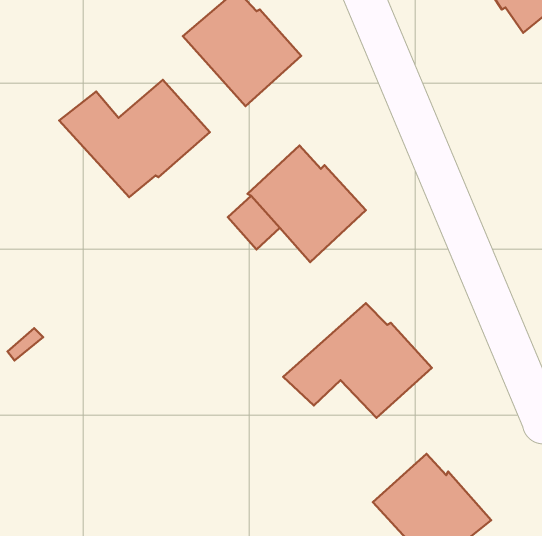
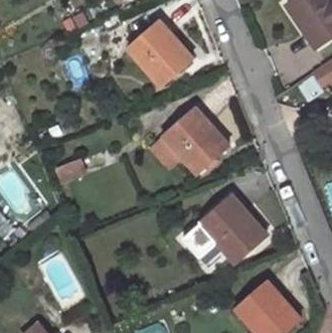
building: [59,80,210,197] -> none

